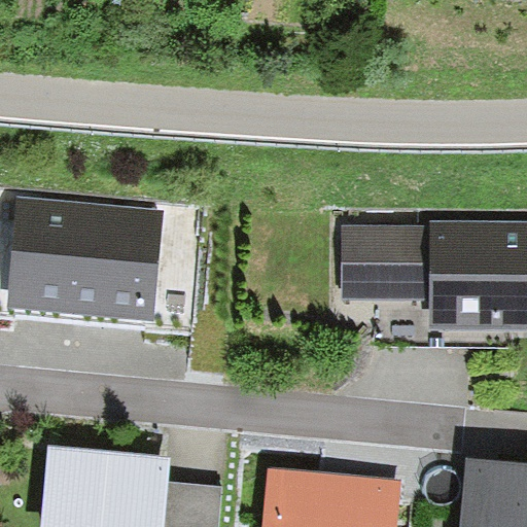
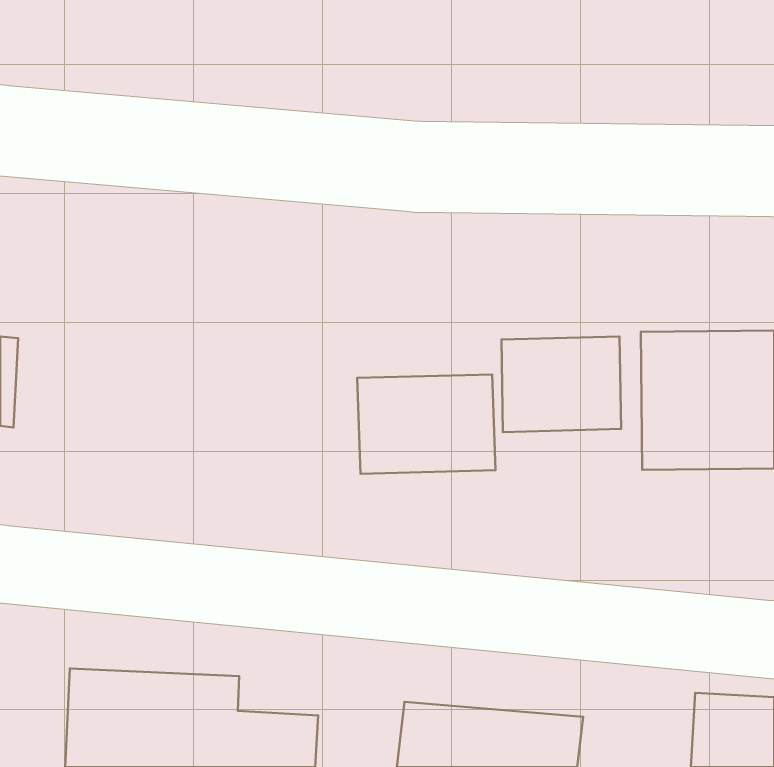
building: [11,197,164,320] -> none
building: none -> [357,374,496,474]

